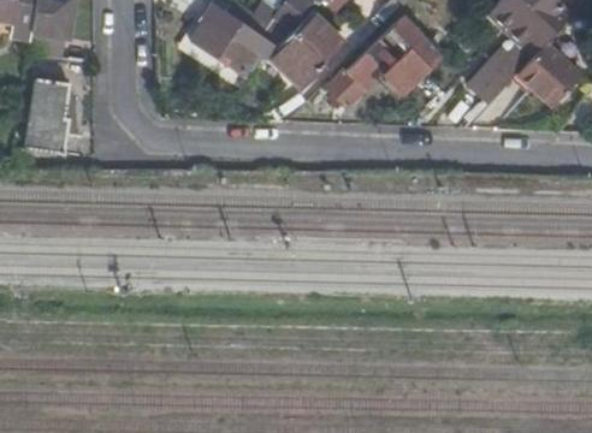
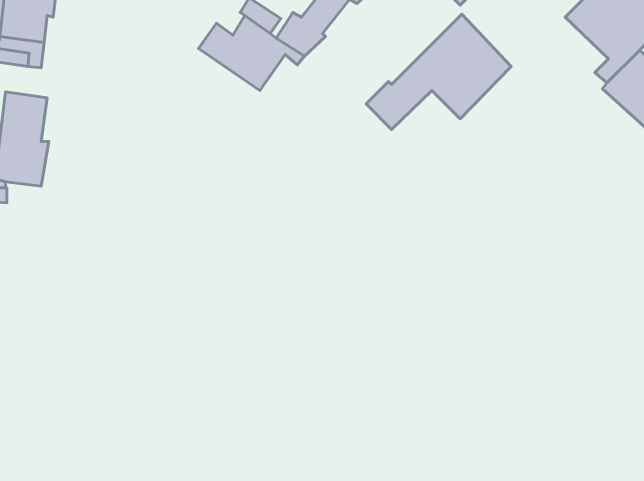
building: [267,11,344,87] -> none
building: [467,51,519,103] -> none

